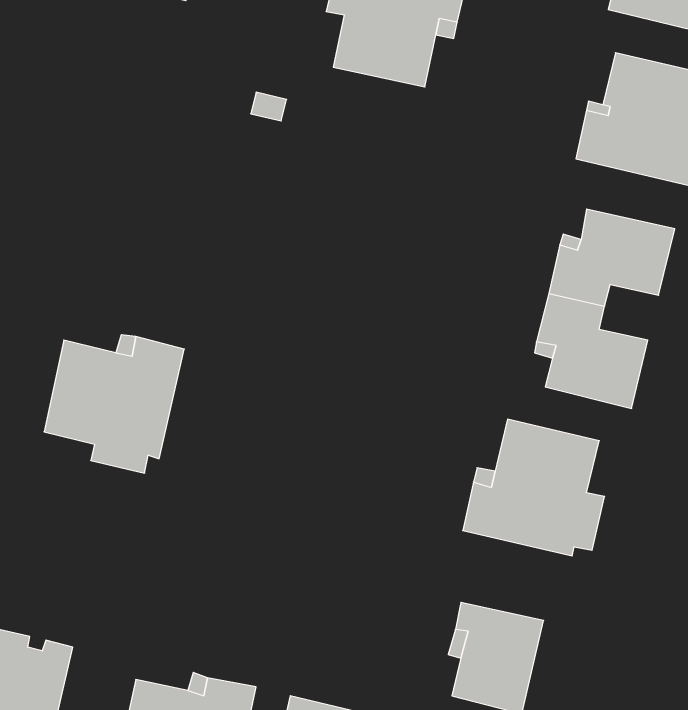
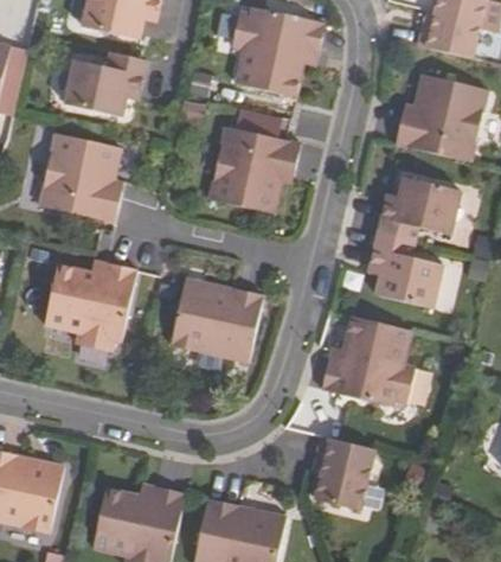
building: none -> [64,52,147,116]
building: none -> [208,126,301,212]
building: none -> [39,133,121,222]
building: none -> [171,277,263,362]

